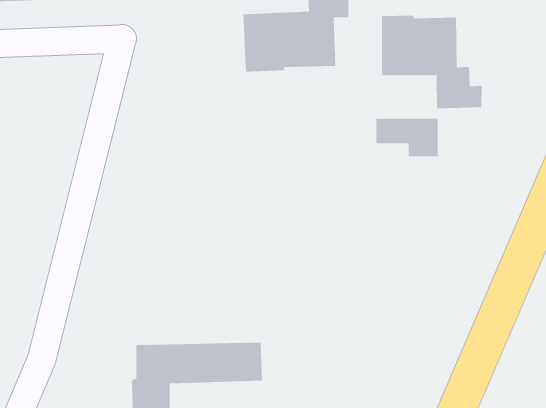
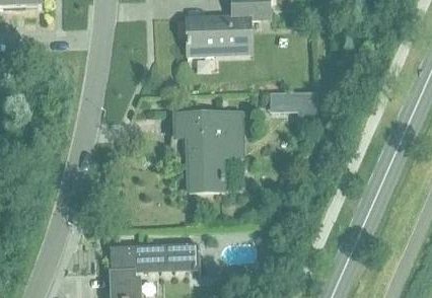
building: [381,15,483,109] -> none
building: none -> [175,111,243,190]

